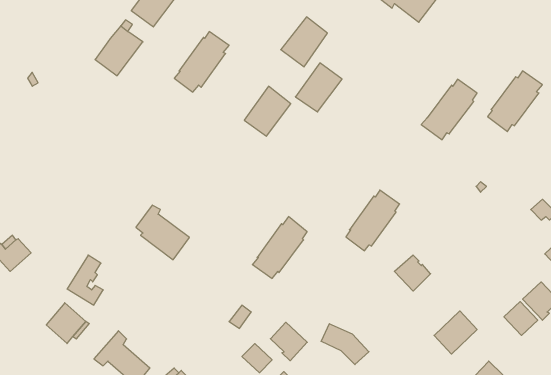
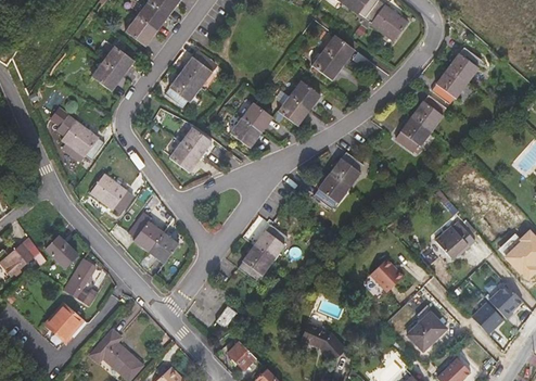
building: [281,17,327,67] -> [310,34,354,80]
building: [488,71,542,132] -> [431,47,482,103]
building: none -> [50,106,106,165]
building: none -> [168,126,212,172]
building: none -> [88,172,133,213]
building: [346,190,400,251] -> [314,151,363,207]
building: none -> [435,220,474,257]
building: none -> [43,234,77,268]
building: [270,322,307,361] -> none

